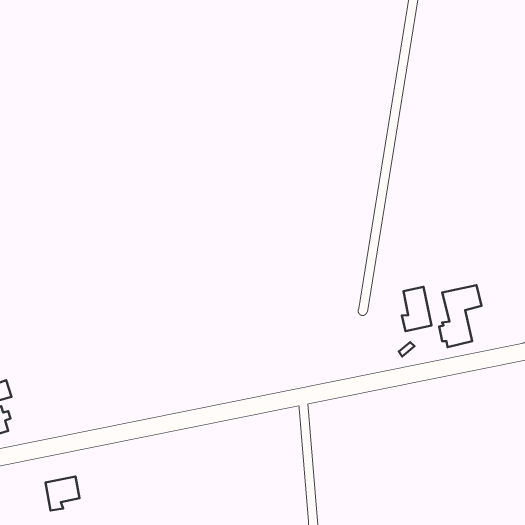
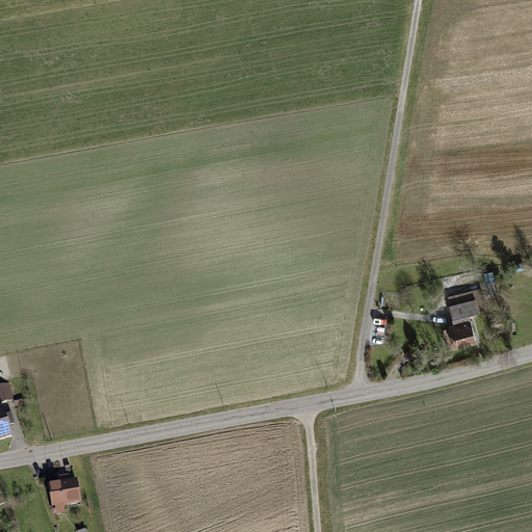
building: [402,287,431,331] -> none

